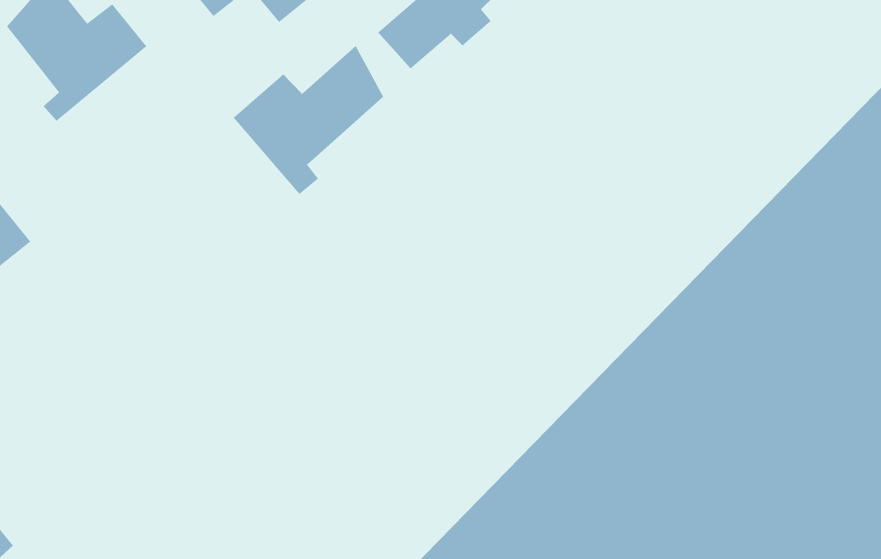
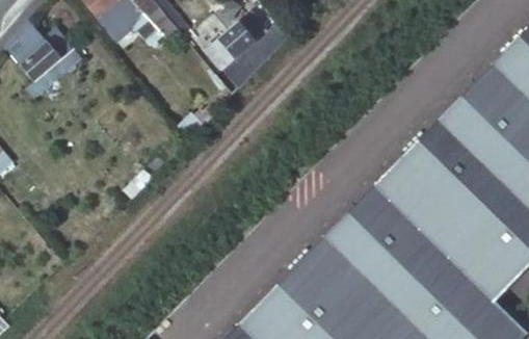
building: [233,45,384,195] -> none

